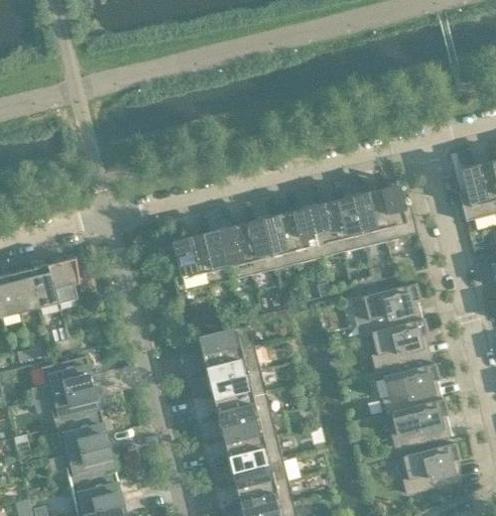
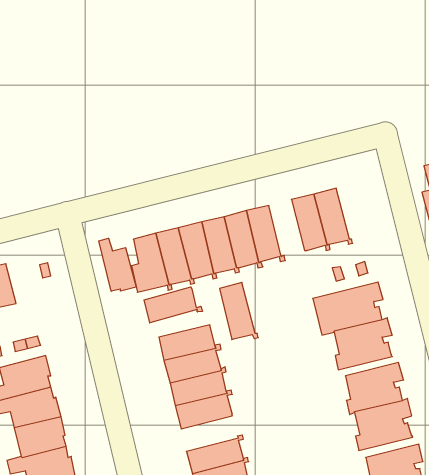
building: [373,183,416,240] -> none
building: [306,201,345,257] -> [220,282,258,340]
building: none -> [99,238,136,291]
building: [46,257,78,303] -> none
building: none -> [144,287,202,323]
building: [220,411,276,449] -> none

